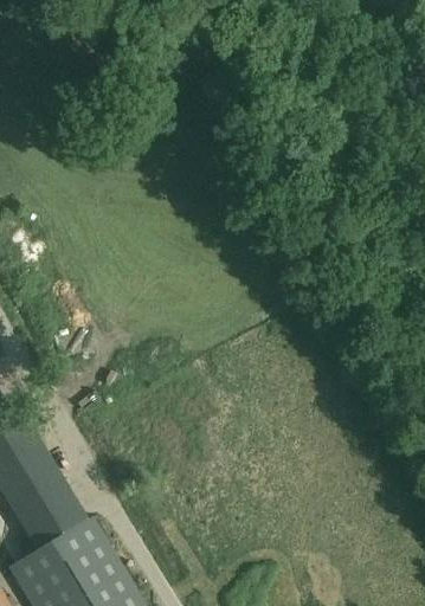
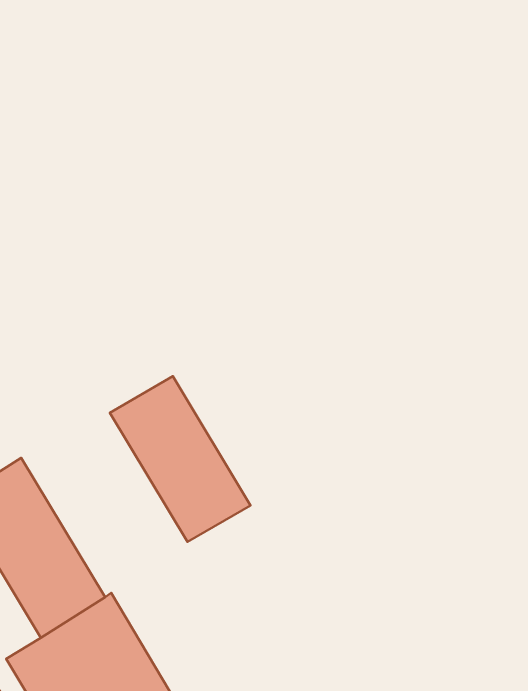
building: none -> [110,376,251,542]

